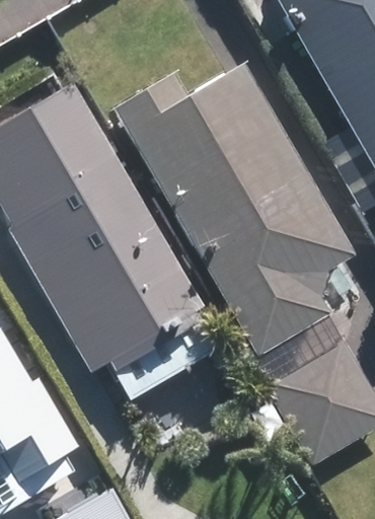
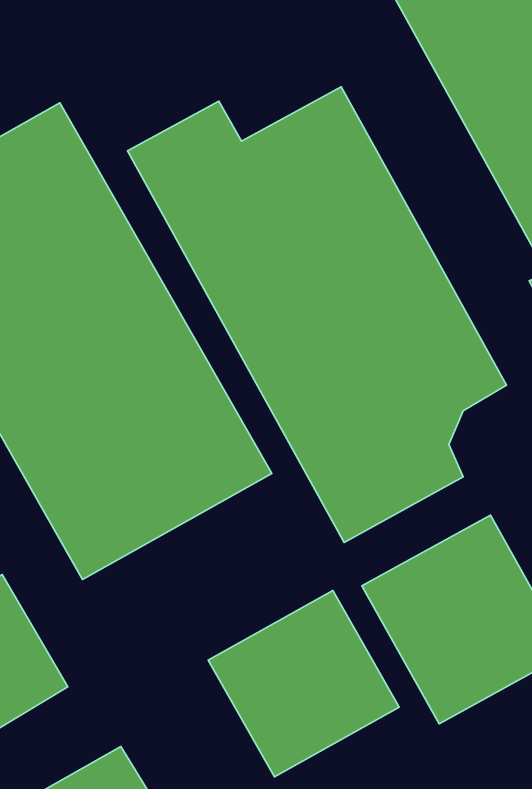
building: none -> [208,591,399,777]

